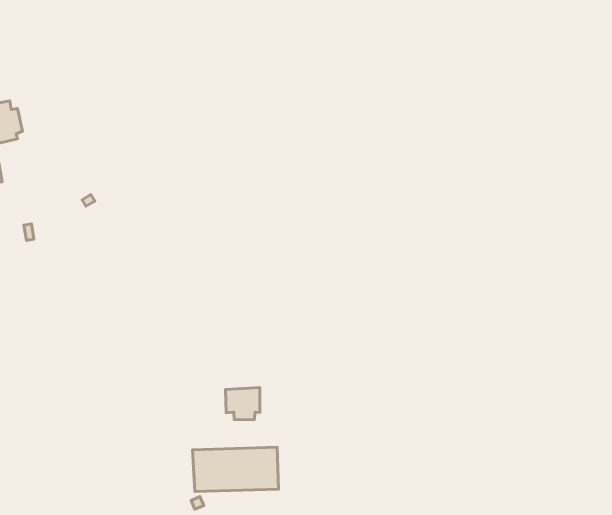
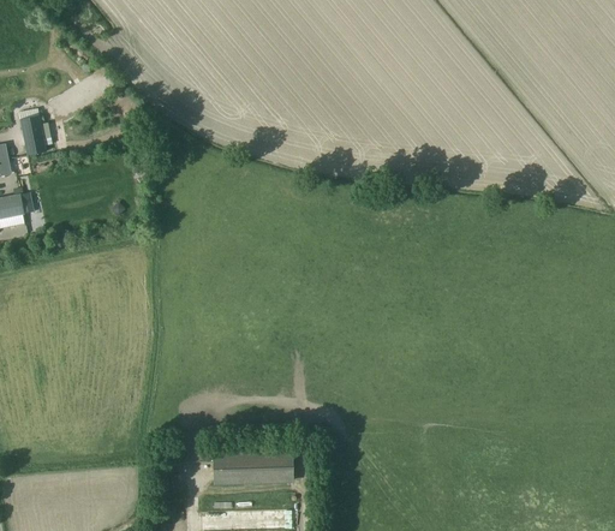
building: [226,387,260,420] -> none

